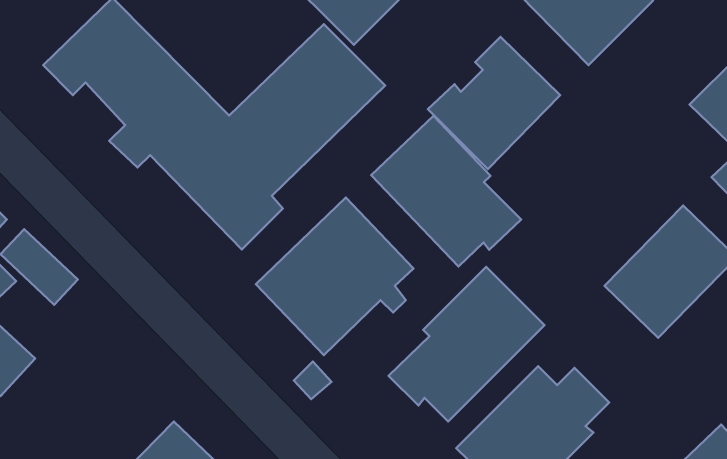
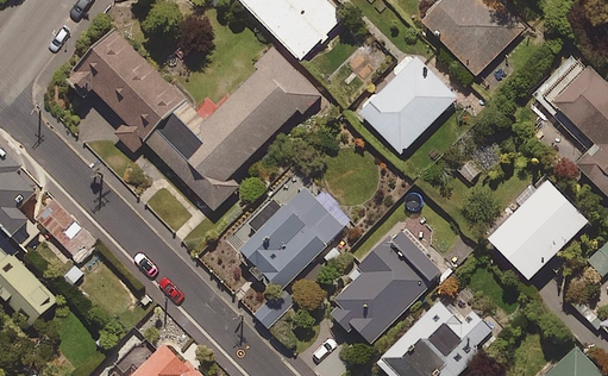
building: [371,116,521,267] -> none

